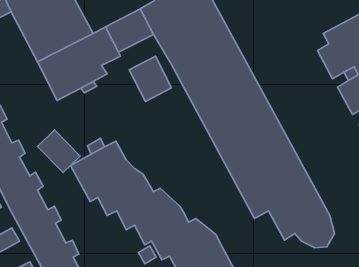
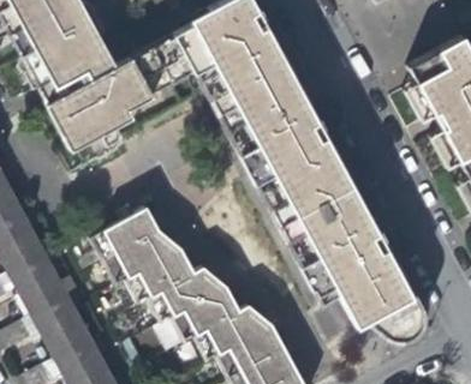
building: [129,56,172,101] -> none
building: [37,130,80,173] -> none

